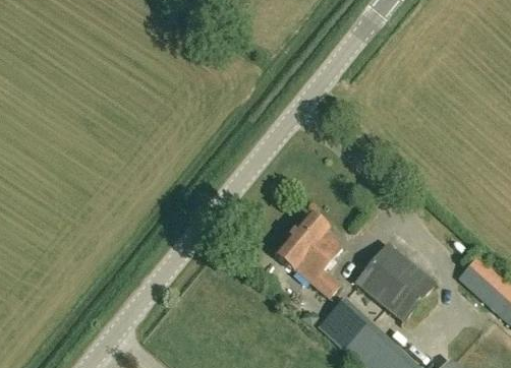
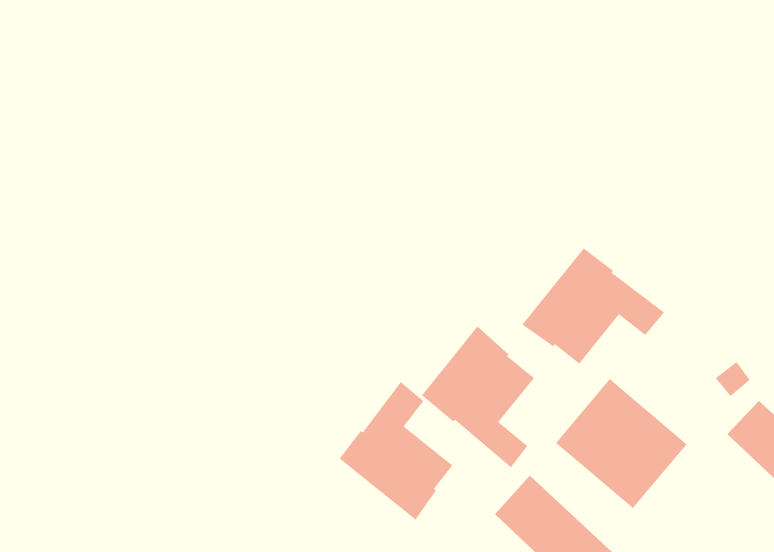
building: none -> [522,248,665,364]
building: none -> [339,381,453,521]

